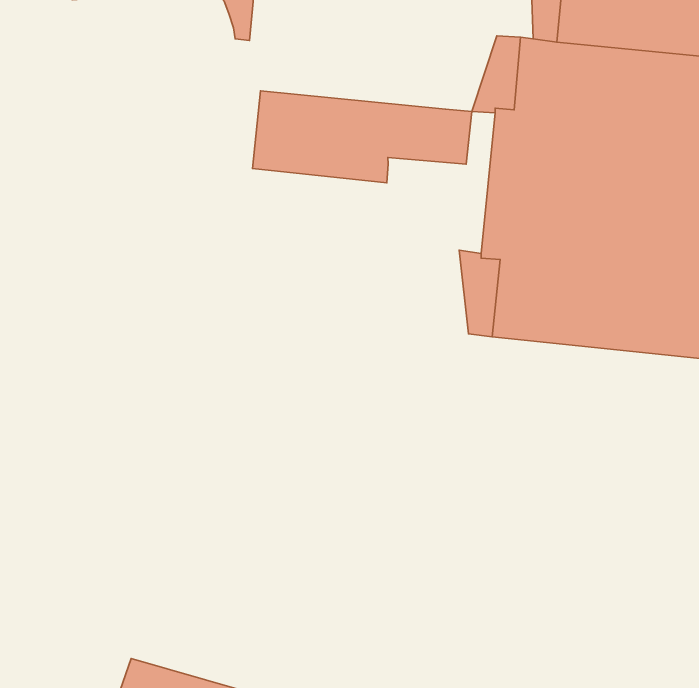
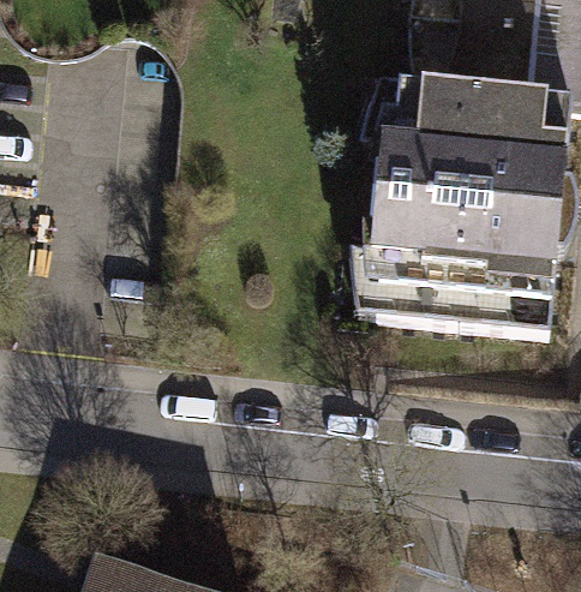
building: [253,91,472,183] -> none

